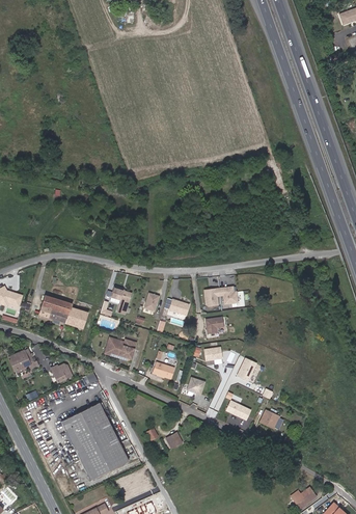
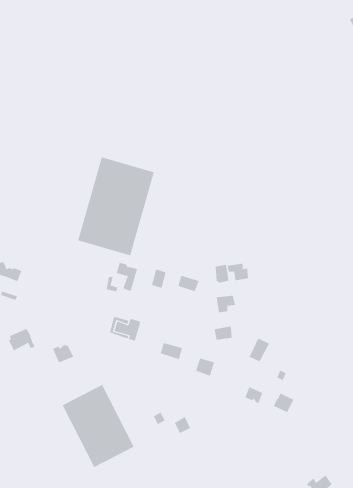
building: none -> [77,156,155,256]
building: [39,295,87,328] -> none

